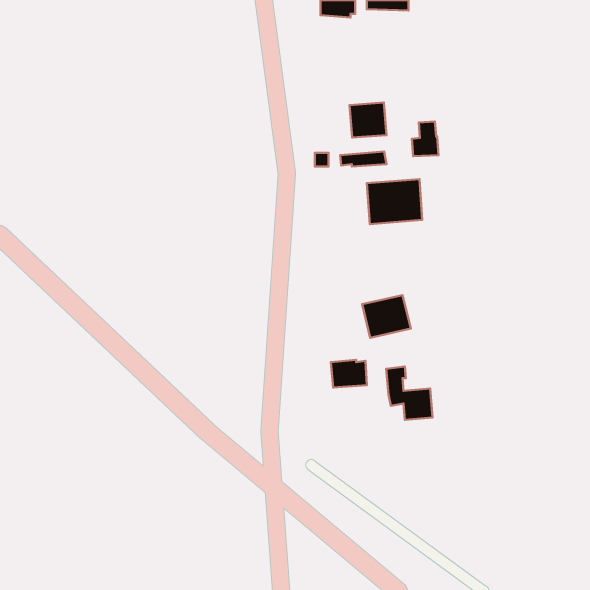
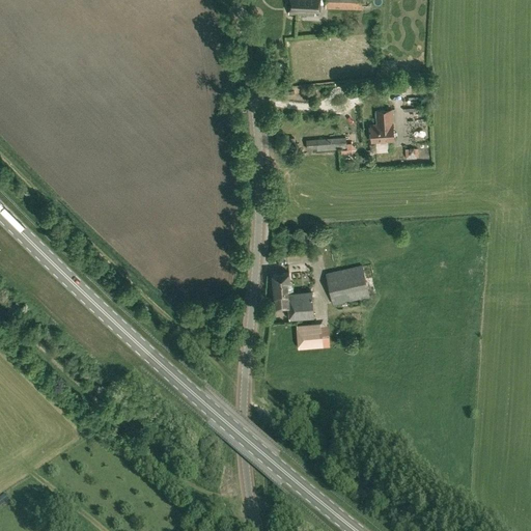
building: [350,103,387,137] -> none
building: [367,179,422,224] -> none
building: [386,367,432,420] -> [272,272,313,319]

